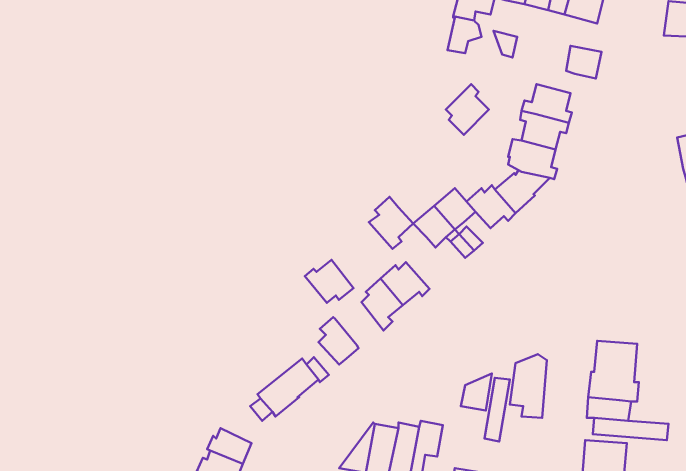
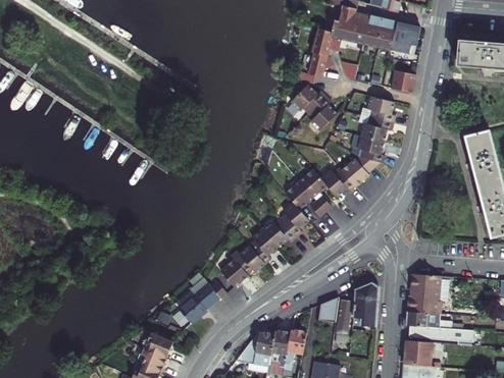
building: none -> [290,85,324,114]
building: [369,197,413,249] -> [280,202,310,237]
building: [305,260,354,303] -> [231,247,264,276]

